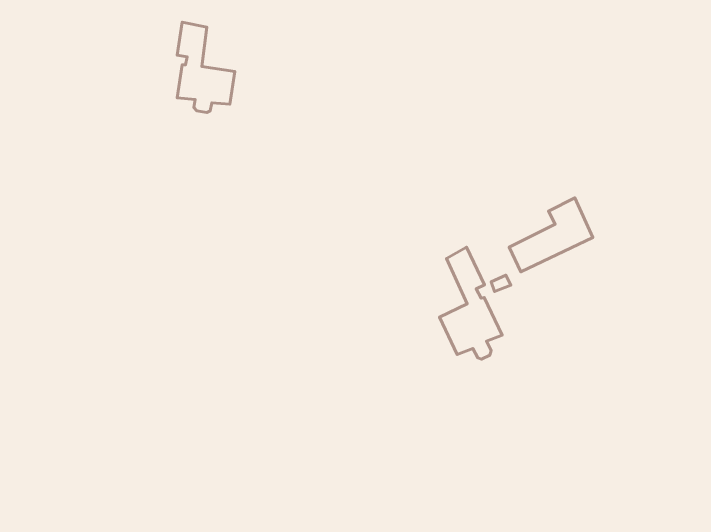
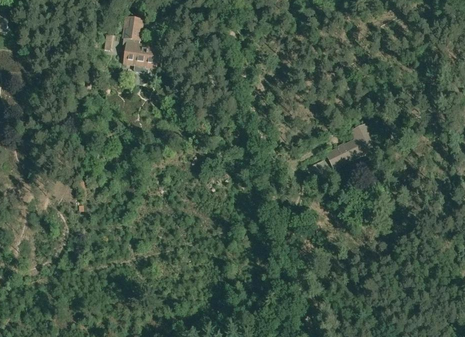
building: [439,247,502,359] -> none

